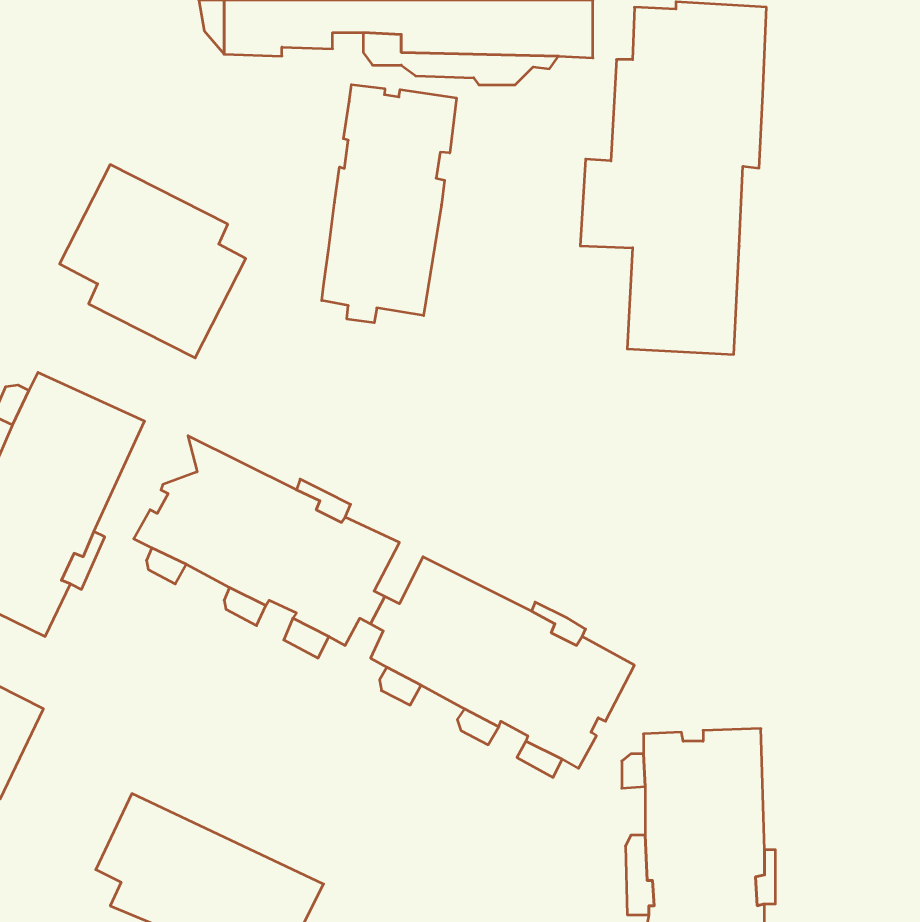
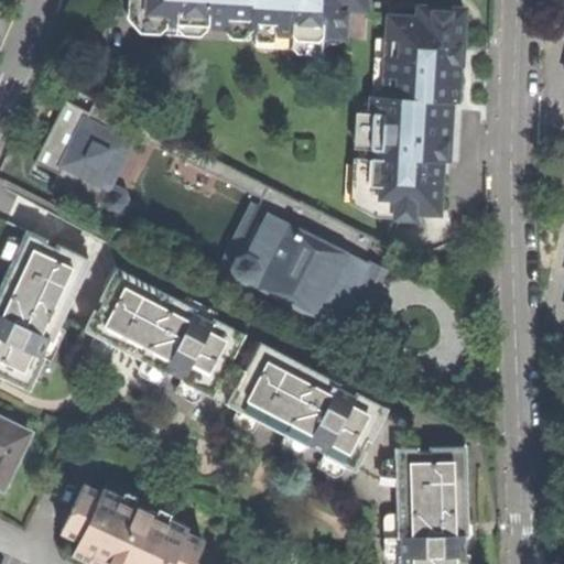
building: [322,85,456,323] -> none
building: none -> [221,202,376,328]

